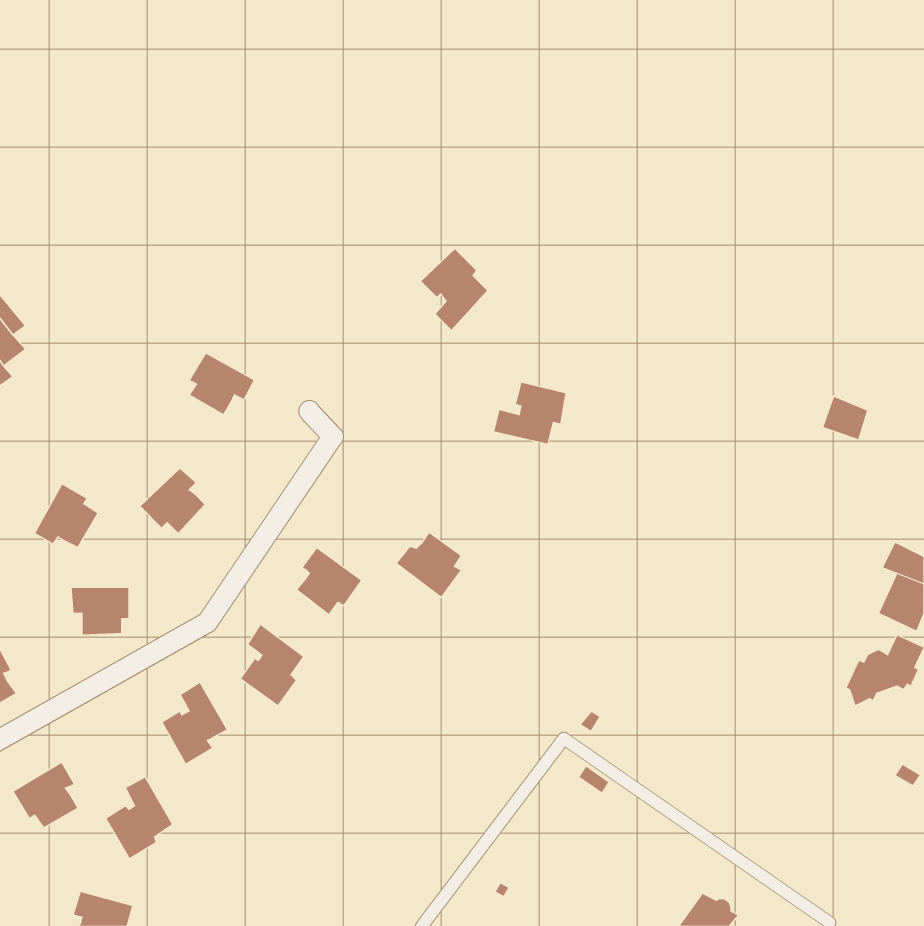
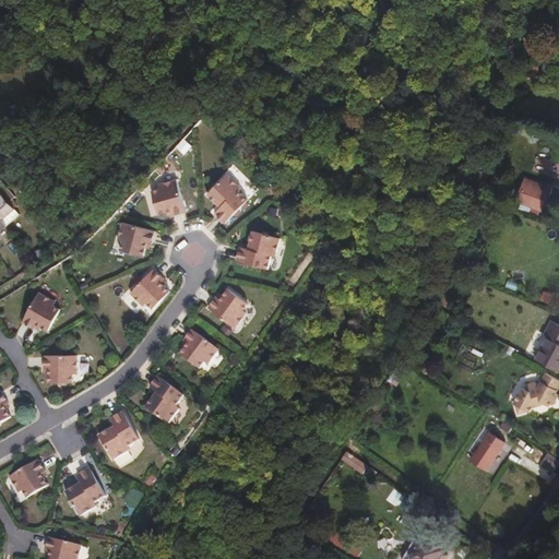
building: [420,249,488,330] -> [205,174,246,223]
building: none -> [151,178,185,214]
building: [493,382,566,444] -> [234,229,277,266]
building: [823,396,868,440] -> [516,185,544,211]
building: [140,468,205,534] -> [128,270,167,309]
building: [396,532,462,598] -> [206,288,246,328]
building: none -> [469,435,503,473]

